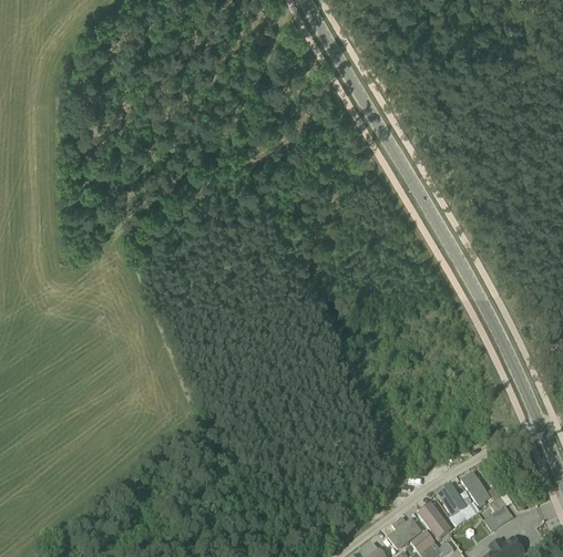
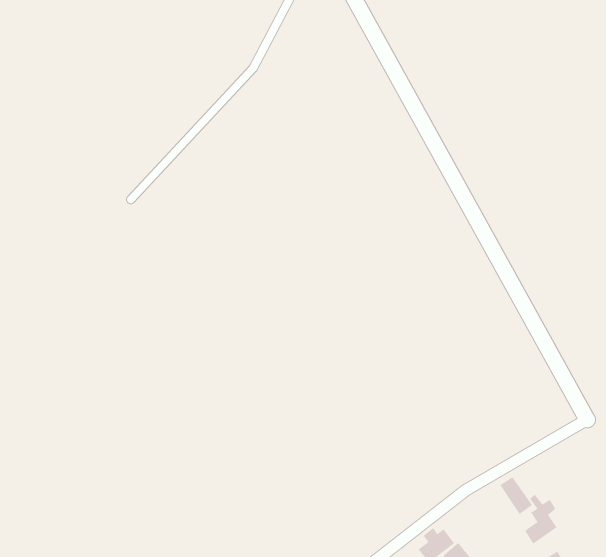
building: [437,482,467,516] -> none
building: [418,503,450,538] -> none

